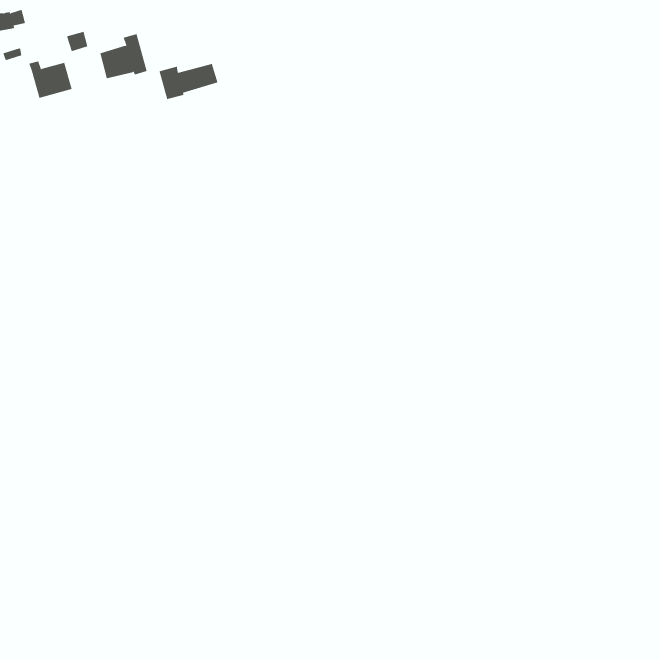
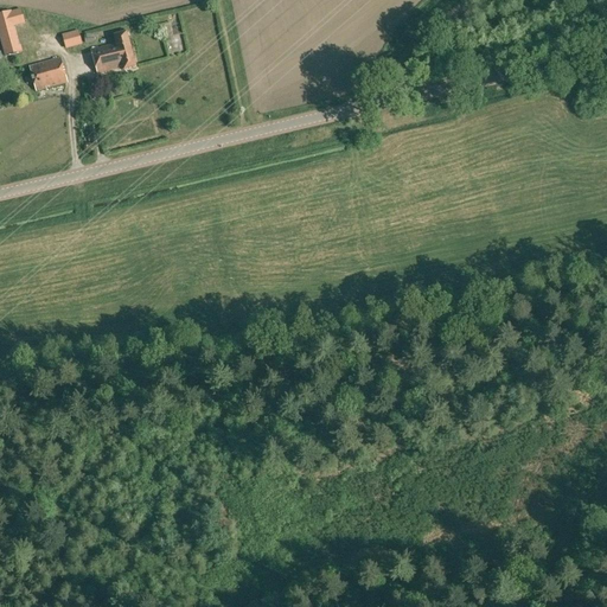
building: [159,63,218,100] -> none

